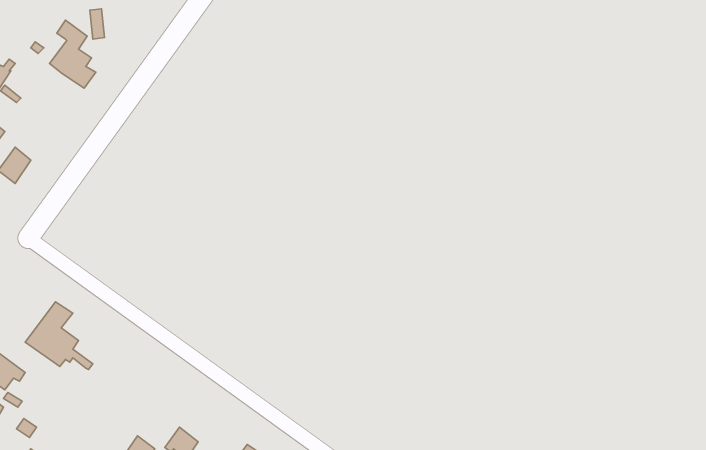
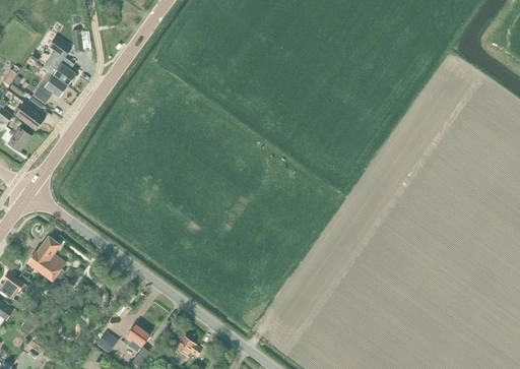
building: none -> [37,75,68,98]
building: none -> [15,103,45,130]

